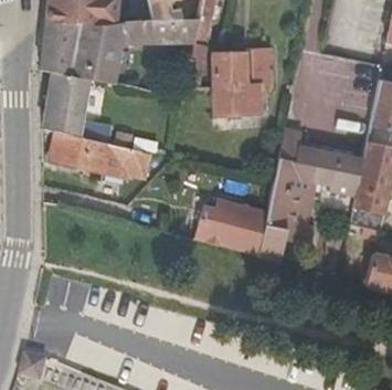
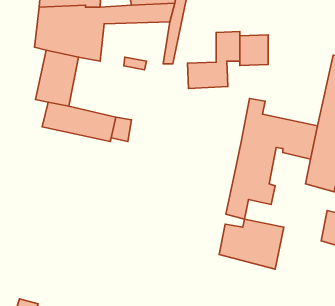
building: [215,52,247,86] -> [240,35,268,65]
building: [195,200,268,256] -> [219,219,284,269]

